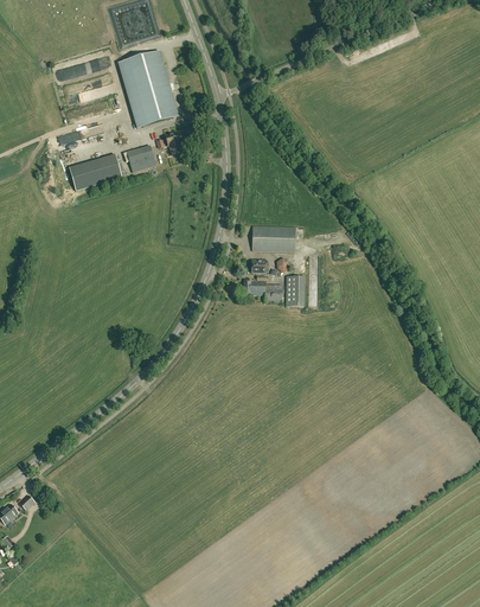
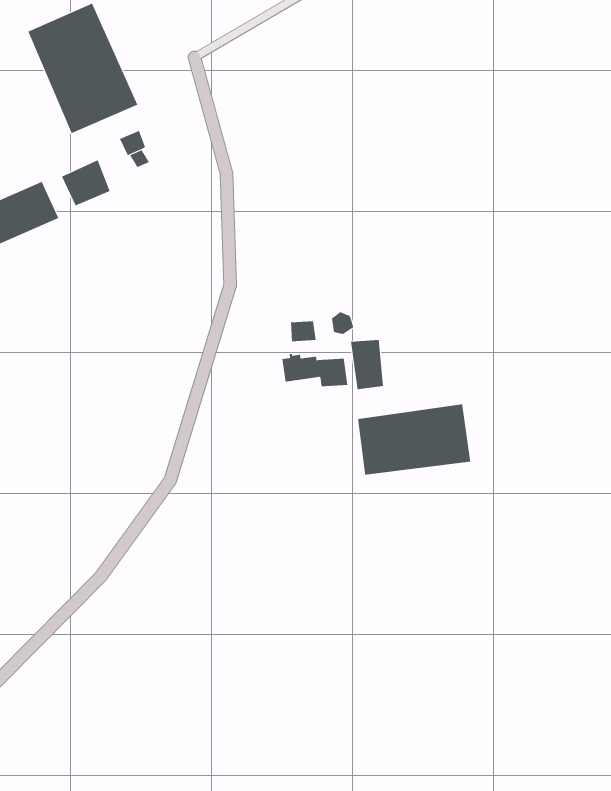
building: [252,225,295,250] -> none
building: none -> [357,403,471,476]

